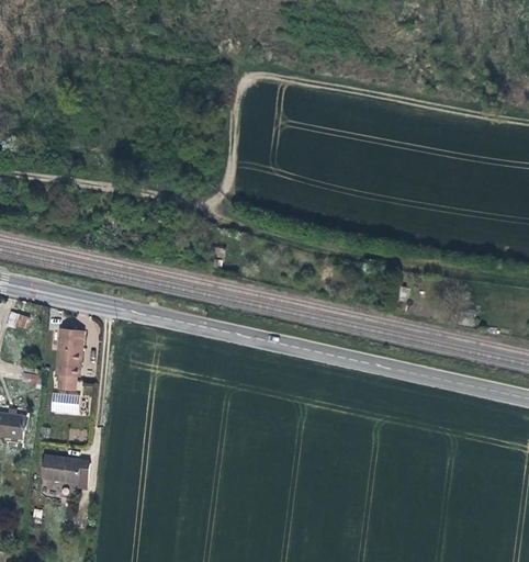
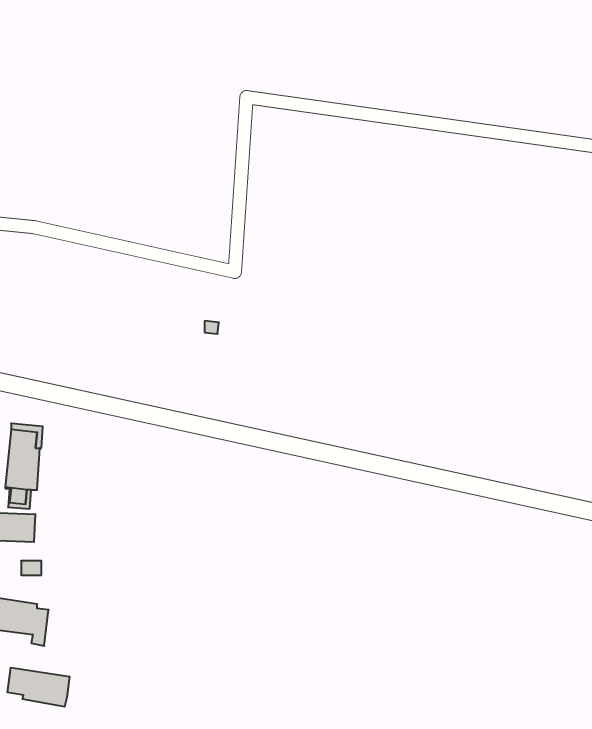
building: none -> [7,668,69,707]

